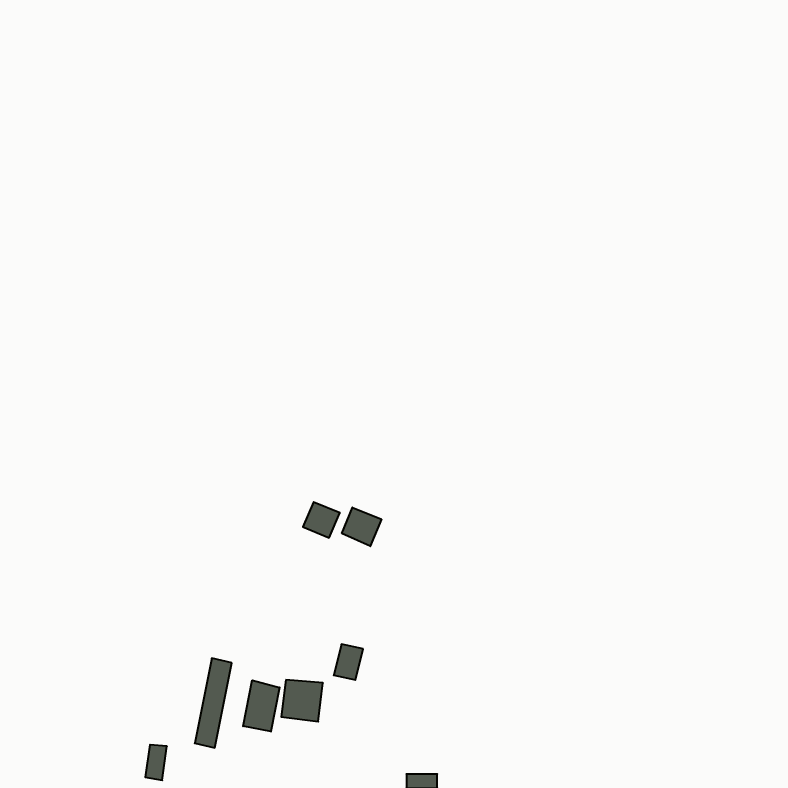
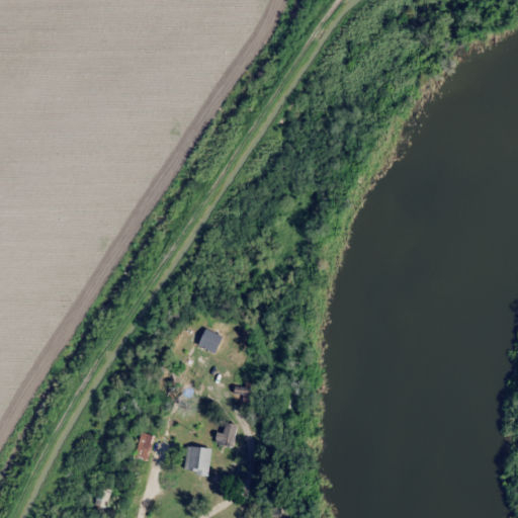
building: [342,507,381,546] -> none
building: [243,680,280,732] -> none

